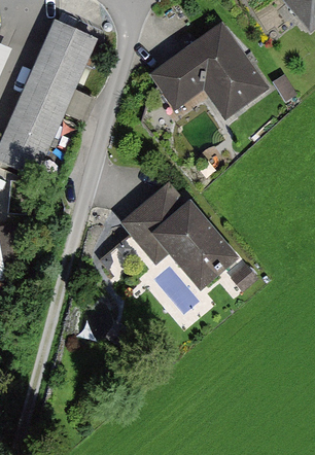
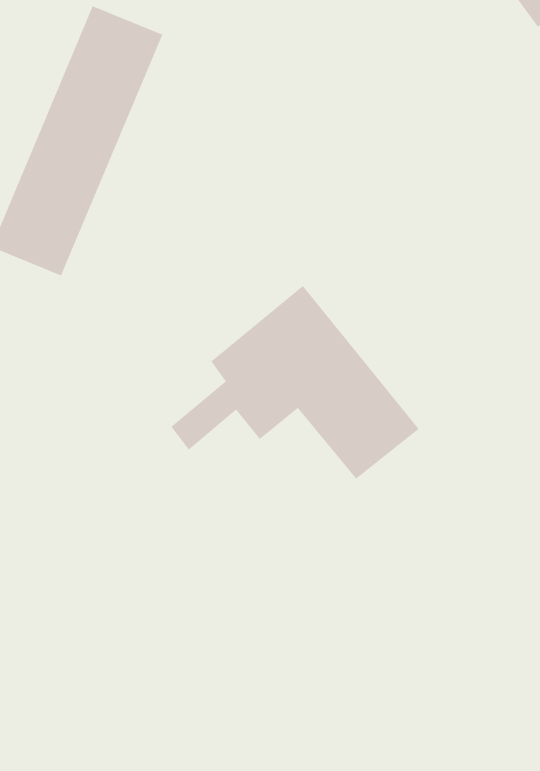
building: [152,25,261,116] -> none

